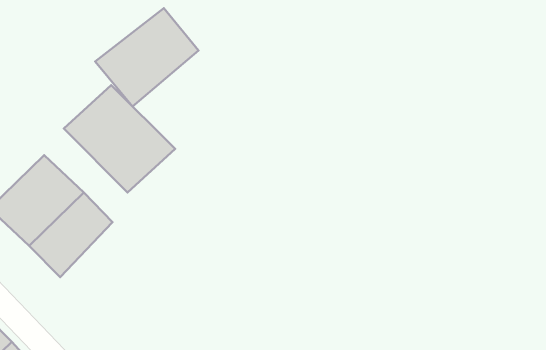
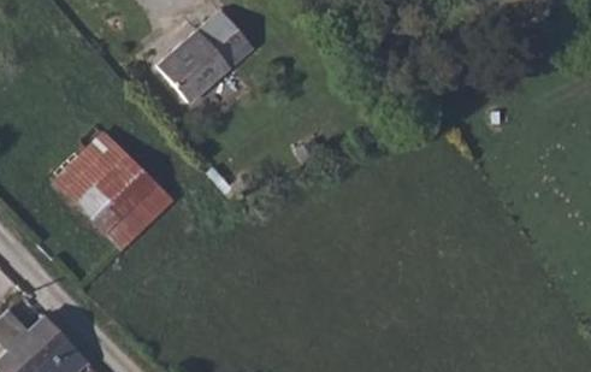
building: [64,85,175,192] -> none

